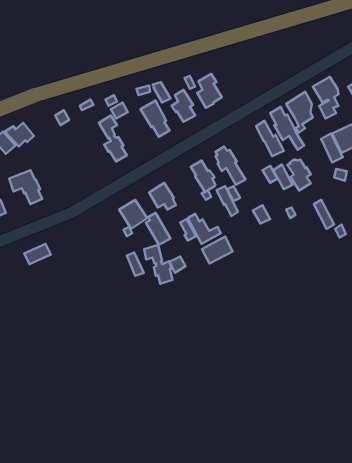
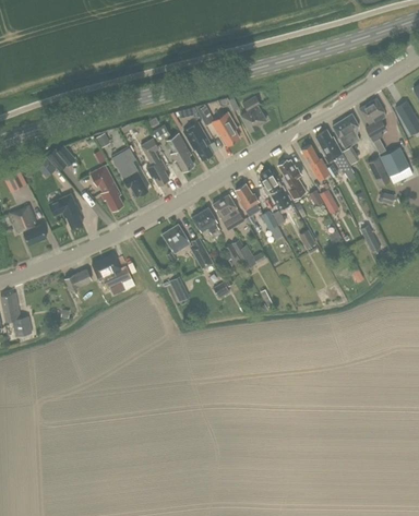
building: none -> [166,133,193,170]
building: none -> [111,146,147,195]
building: none -> [89,165,123,209]
building: [287,160,311,191] -> [277,159,301,191]
building: none -> [212,194,244,230]
building: none -> [92,253,134,289]
building: [202,236,232,263] -> none
building: [144,245,173,284] -> none

